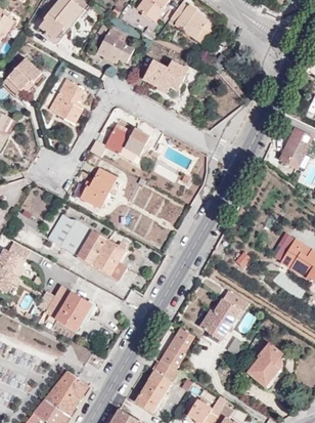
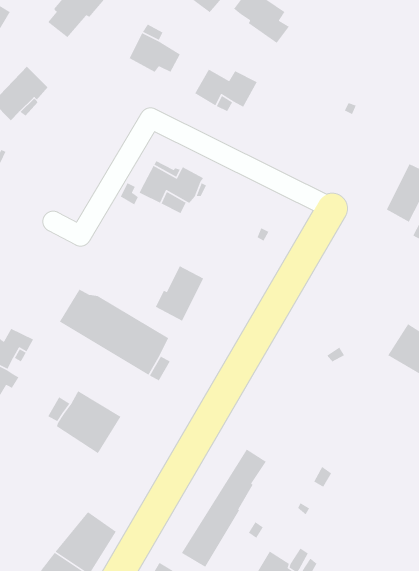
building: [49,79,84,124] -> none
building: [81,168,116,208] -> [155,265,204,322]
building: [198,297,239,339] -> none
building: [248,342,281,384] -> none

